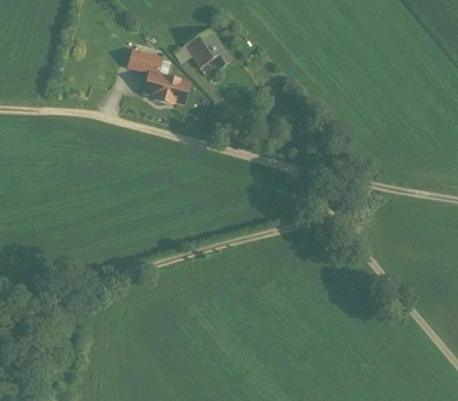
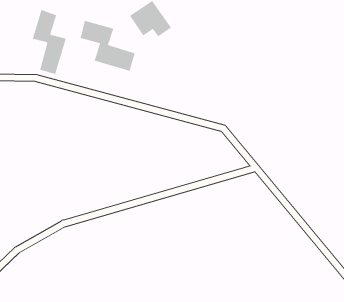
building: none -> [32,9,66,75]

